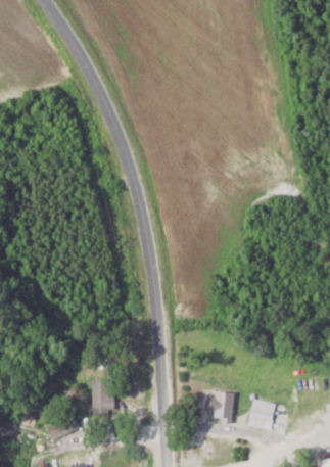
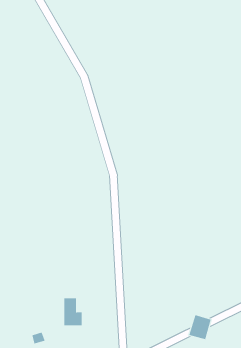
building: [211,392,234,423] -> none

